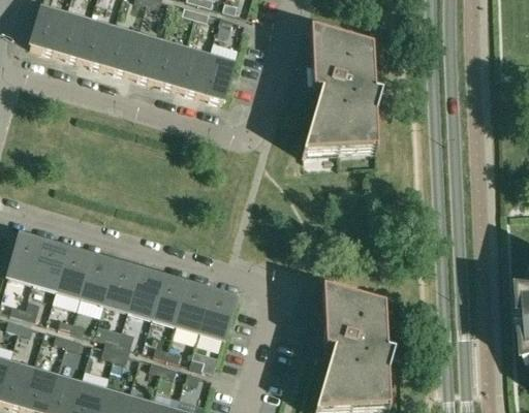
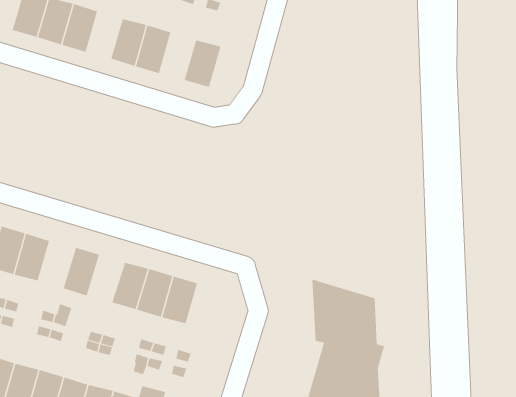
building: [103,27,138,73] -> none
building: [303,29,381,156] -> none
building: [175,47,210,94] -> none
building: [57,250,93,296] -> none
building: [104,263,141,310] -> none
building: [200,291,237,338] -> none

